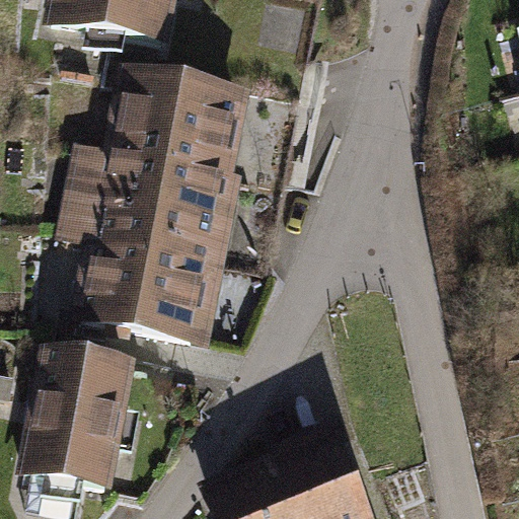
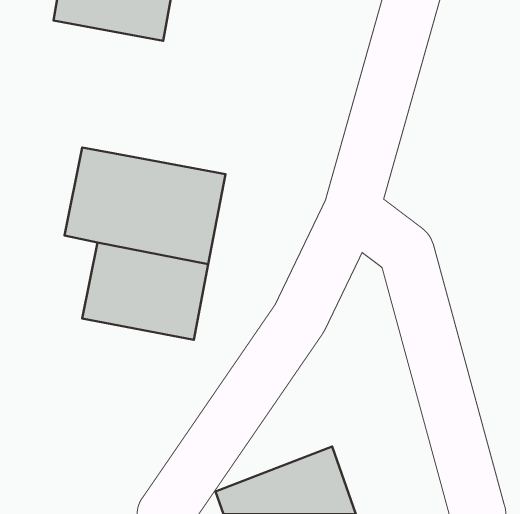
building: [118,76,242,172] -> none
building: [30,351,132,485] -> none

